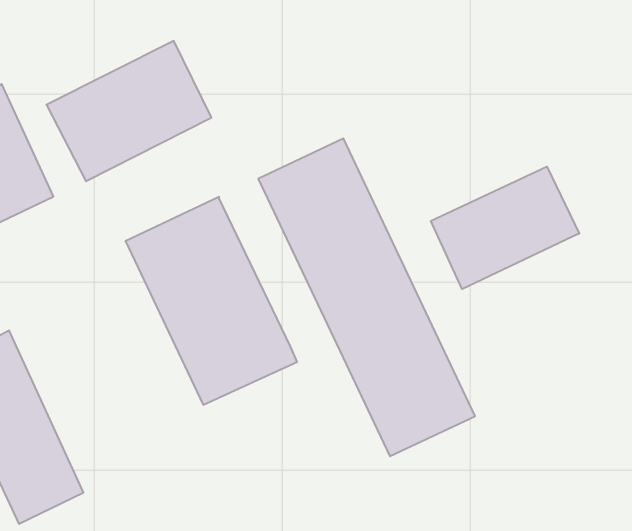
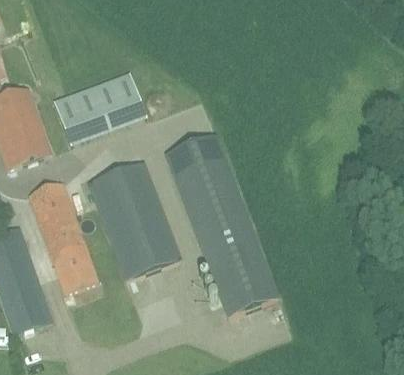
building: [431,167,579,289] -> none
building: none -> [35,180,101,293]

